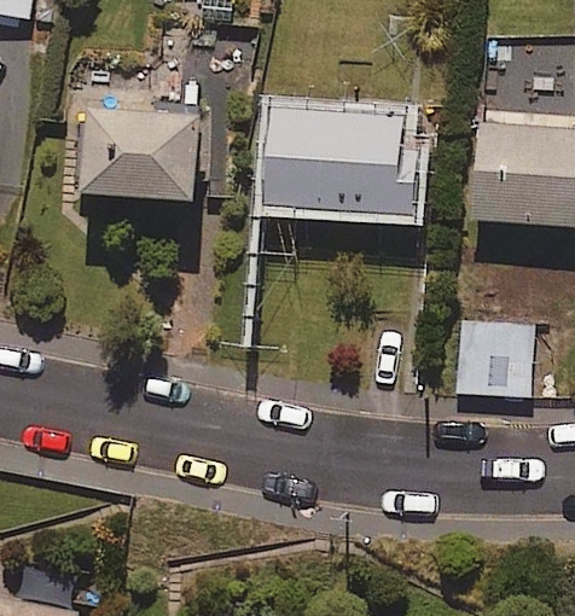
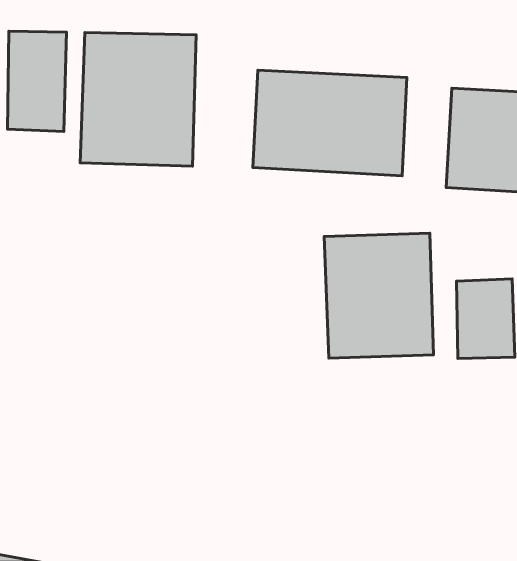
building: none -> [7,31,66,131]
building: none -> [324,233,433,358]

